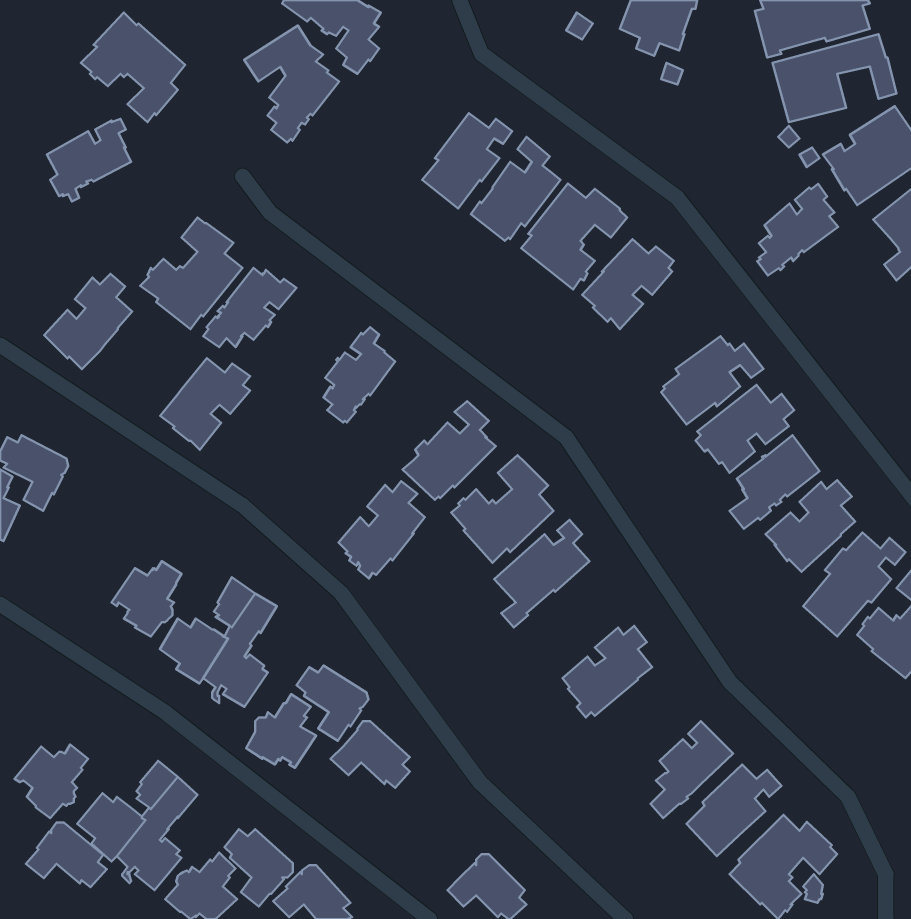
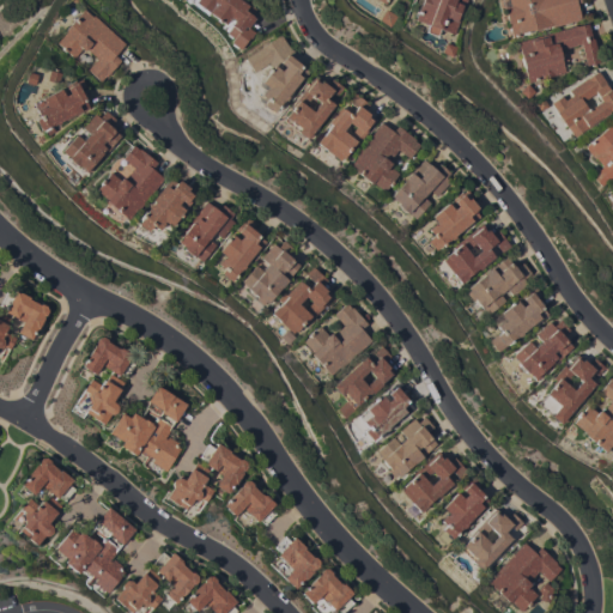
building: [244,26,339,143] -> [248,35,311,113]
building: [757,184,838,275] -> [430,189,484,250]
building: [44,274,132,369] -> [65,110,123,174]
building: [160,358,250,450] -> [177,201,237,262]
building: [338,481,425,578] -> [244,241,302,305]
building: none -> [85,336,138,377]
building: none -> [360,381,417,444]
building: none -> [403,451,471,512]
building: none -> [277,536,322,589]
building: [26,823,107,887] -> [24,457,78,500]

